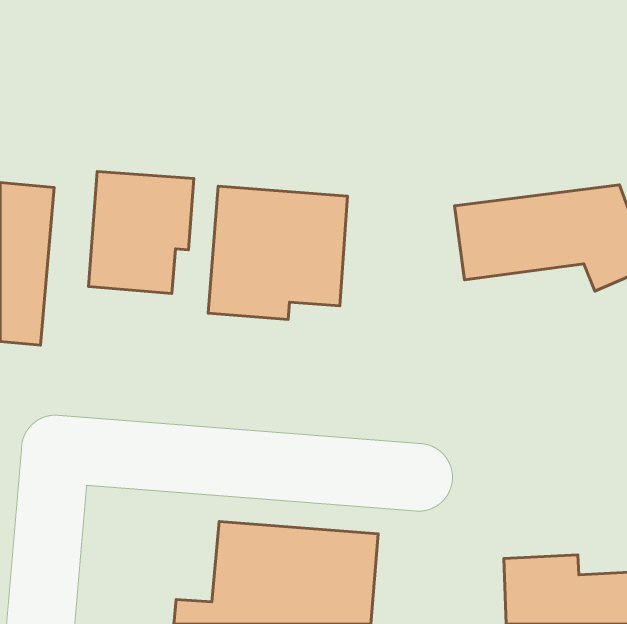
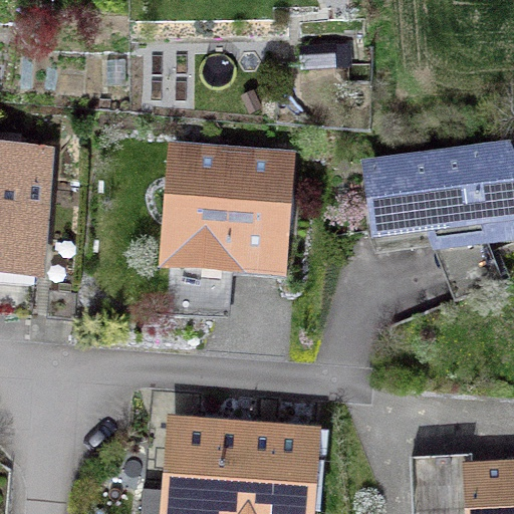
building: [89,171,194,294] -> none

